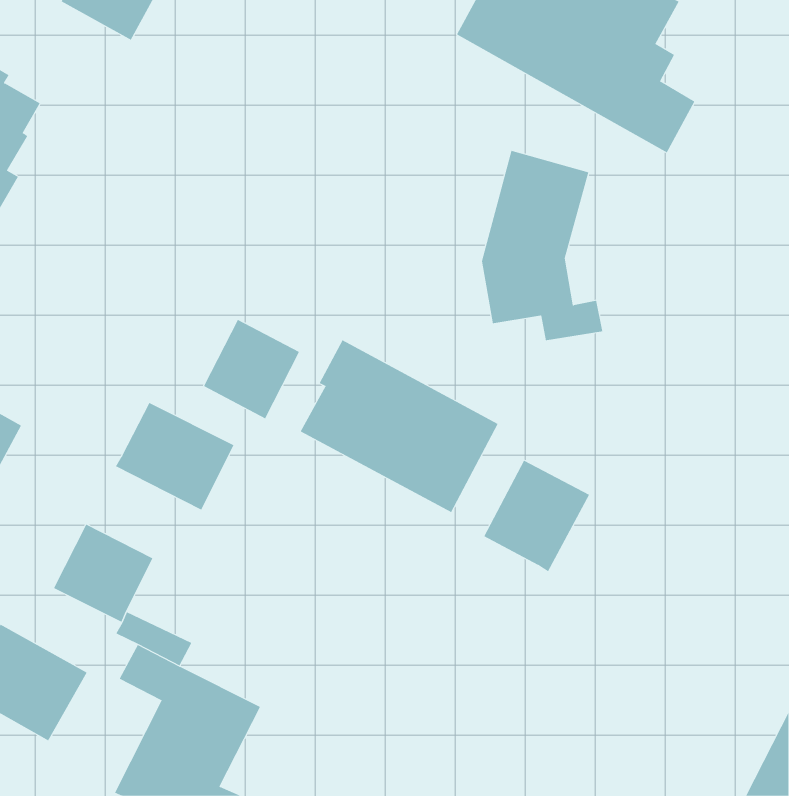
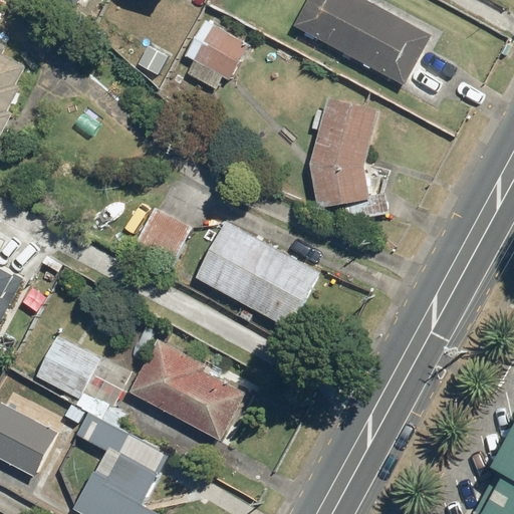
building: none -> [182,15,250,89]
building: [115,402,234,510] -> none
building: [484,460,590,572] -> none
building: none -> [127,338,244,441]

